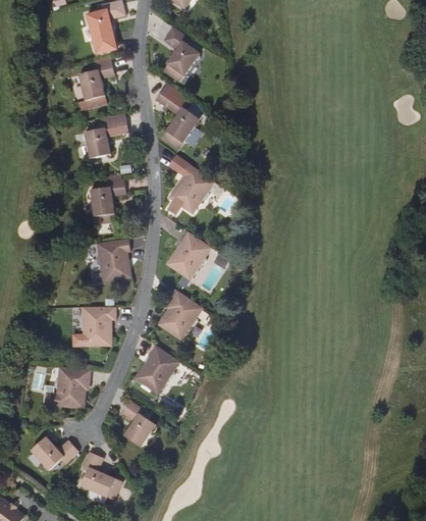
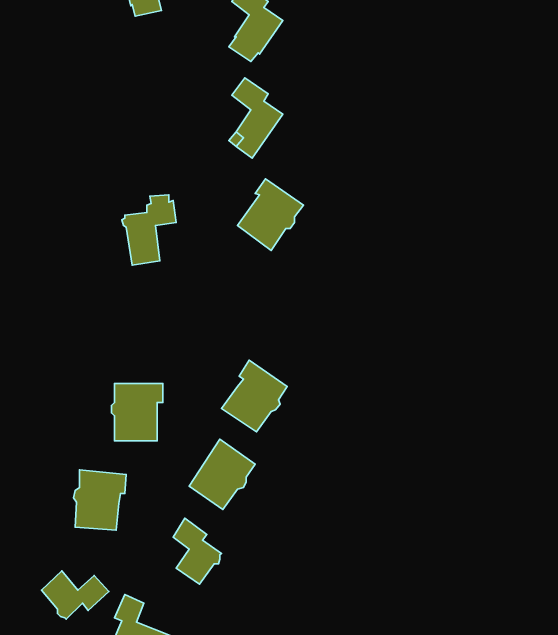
building: [77,60,114,100] -> none
building: [82,119,119,157] -> none
building: [165,230,211,279] -> none
building: [96,238,130,282] -> none

